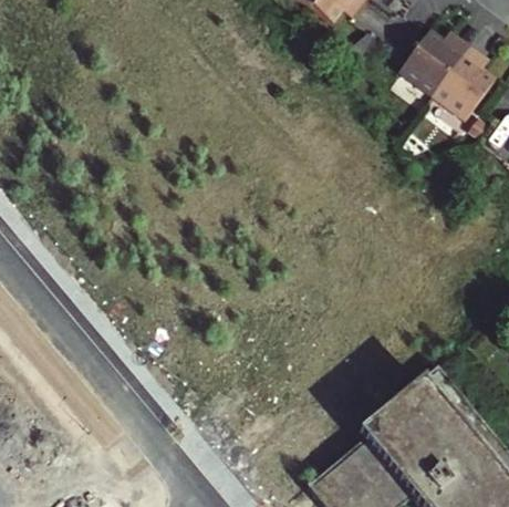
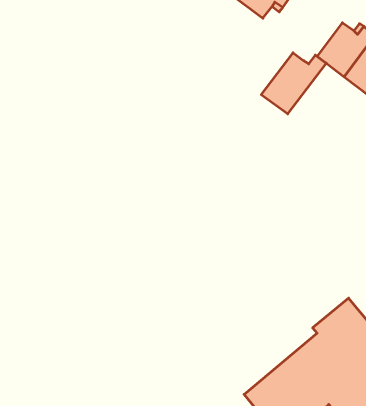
building: none -> [261,53,326,114]

